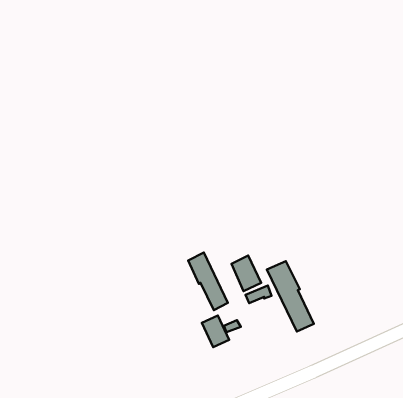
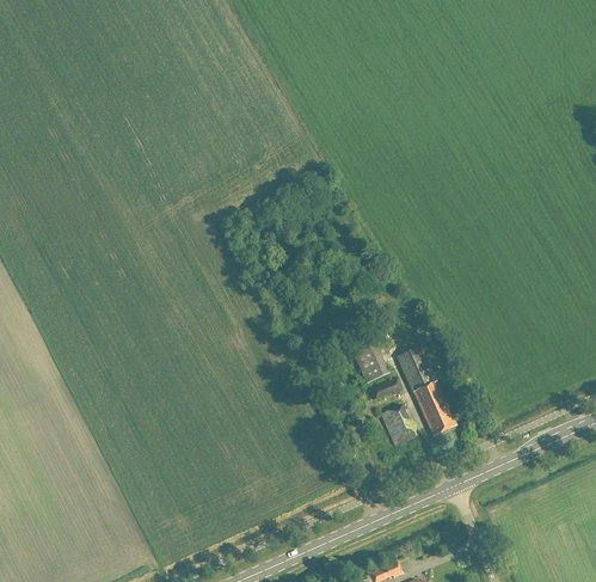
building: [188,253,228,310] -> none
building: [202,315,229,347] -> [380,406,414,447]

